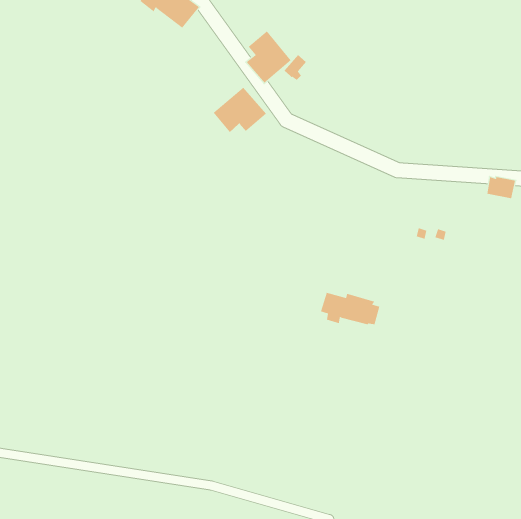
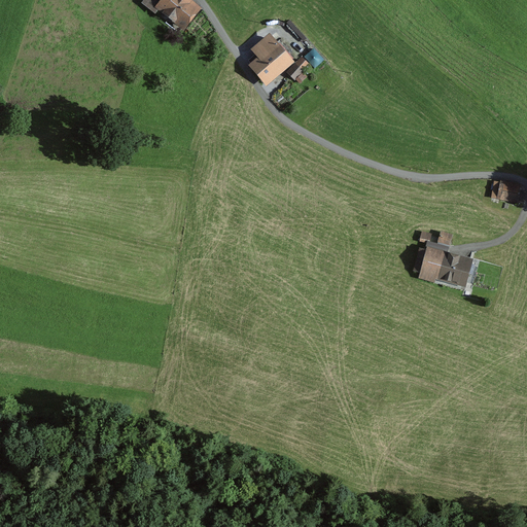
building: [213,87,267,133] -> none
building: [320,292,380,325] -> [415,248,476,281]

